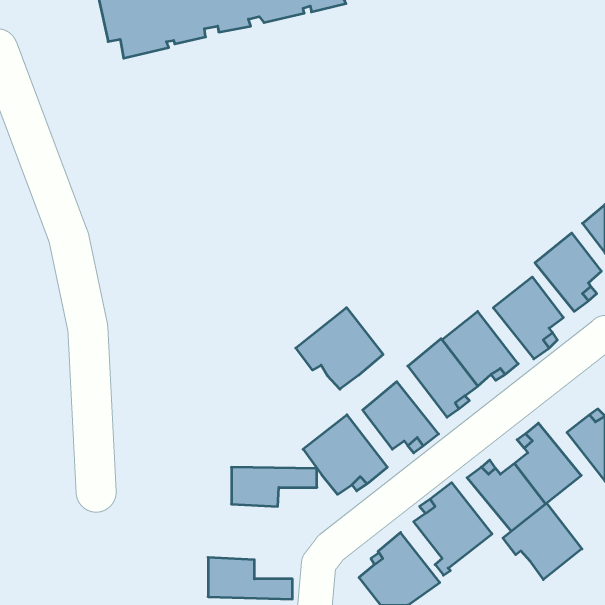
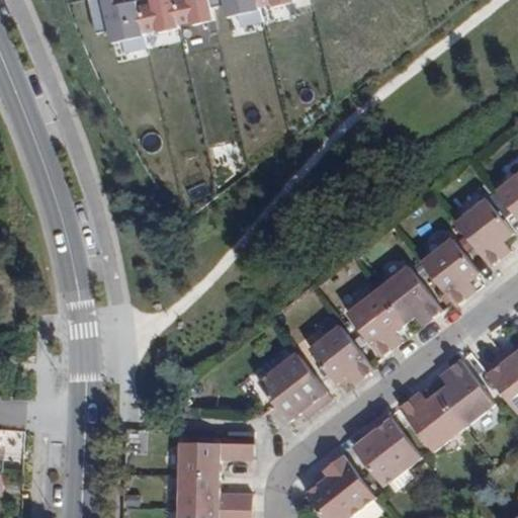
building: [296,308,383,389] -> none
building: [231,467,317,506] -> [177,443,250,477]
building: [503,503,582,580] -> none

